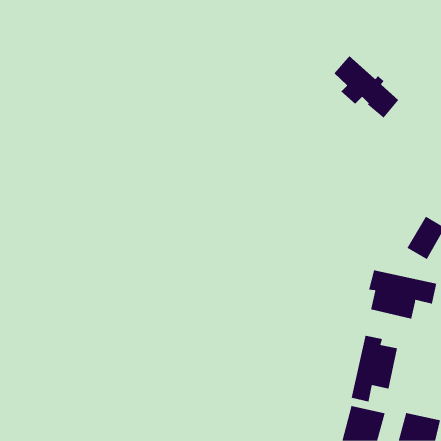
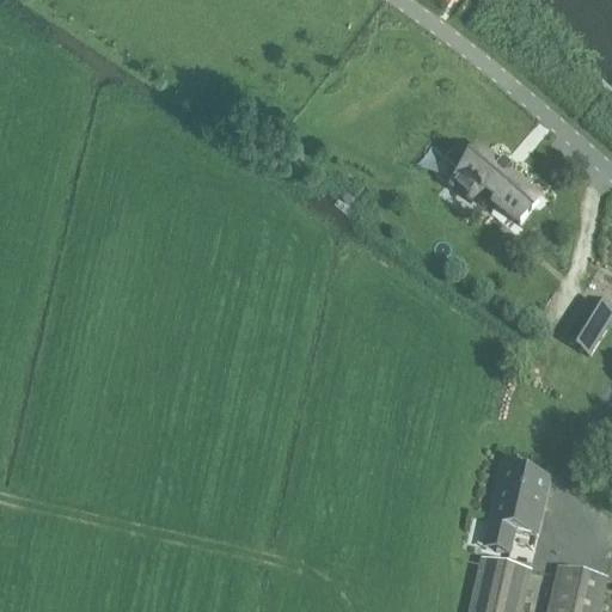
building: [333,55,399,118] -> [447,137,538,225]
building: [369,269,437,319] -> none

